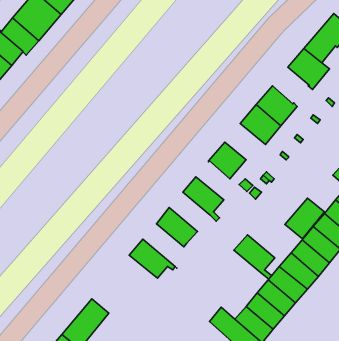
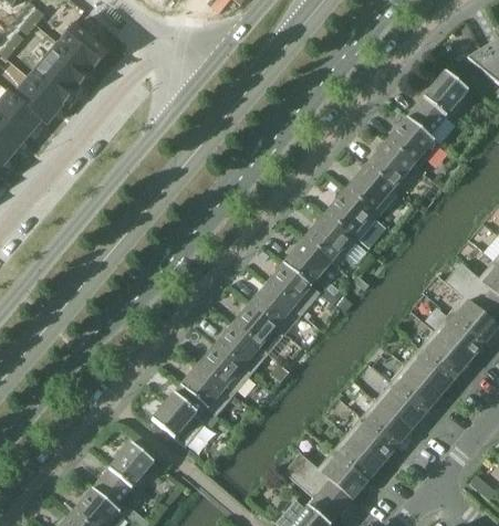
building: none -> [366,140,414,188]
building: none -> [304,213,357,265]
building: none -> [267,262,320,313]
building: [285,198,325,239] -> none
building: none -> [198,344,251,401]
building: [234,235,275,279] -> [232,303,285,360]
building: none -> [152,385,206,446]

